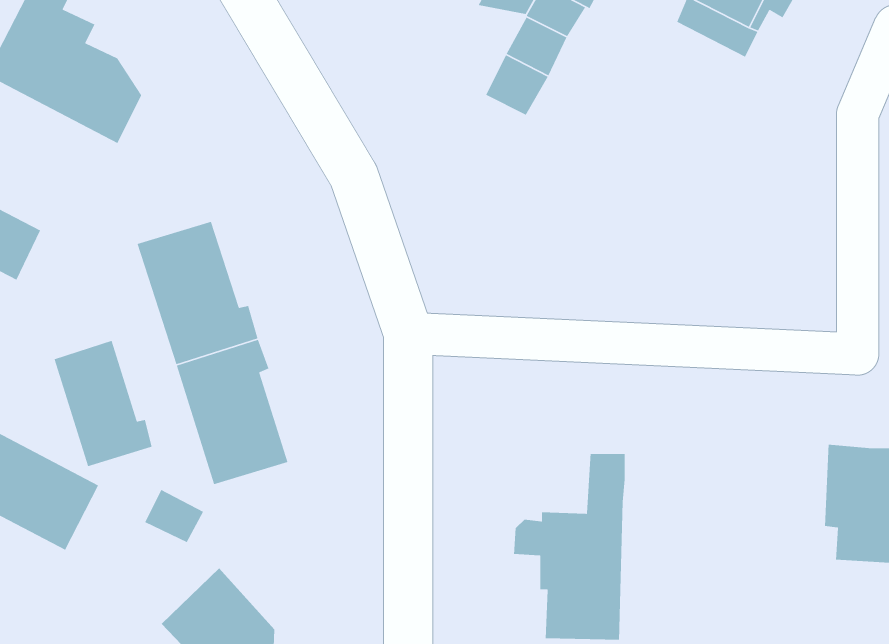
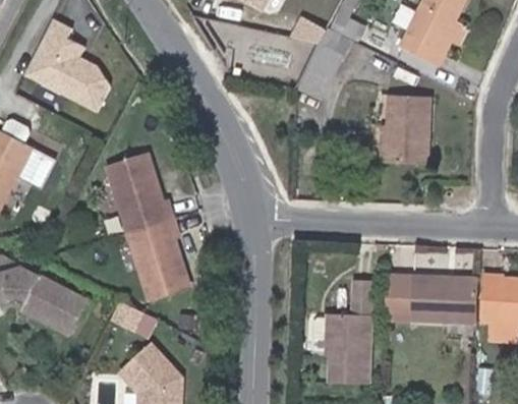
building: none -> [386,96,429,165]
building: [54,340,153,467] -> none
building: none -> [385,275,478,324]

